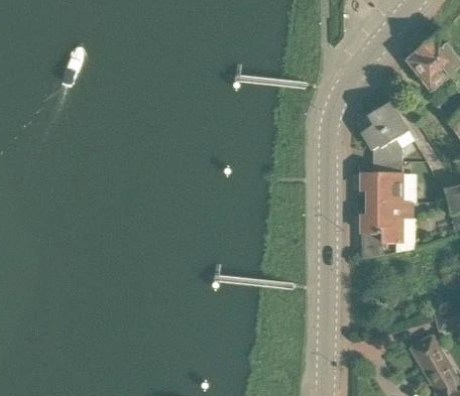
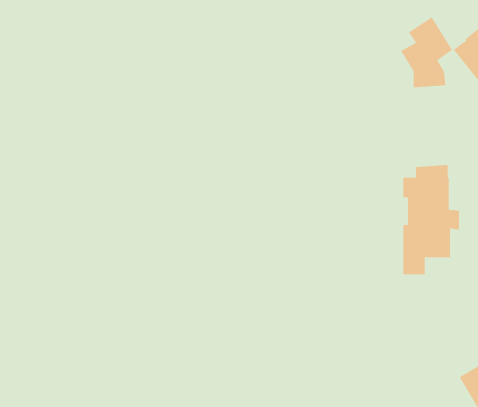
building: [361,101,408,163] -> [400,16,453,88]

